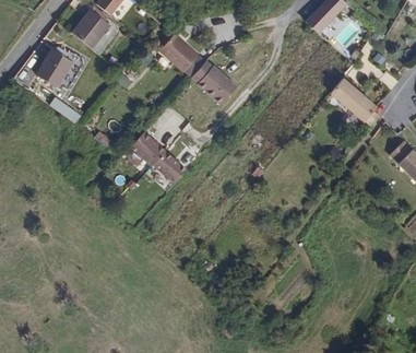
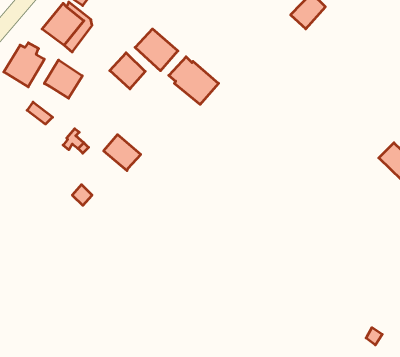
building: none -> [110,53,145,89]
building: none -> [44,60,82,98]
building: [331,79,379,128] -> none
building: [153,151,187,184] -> none

